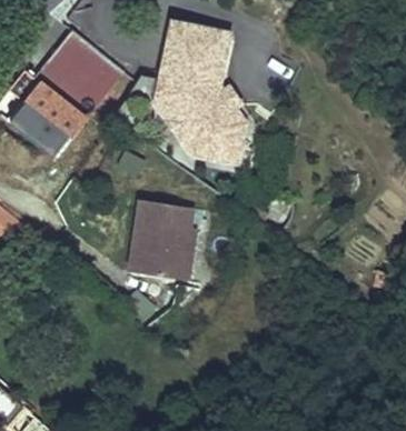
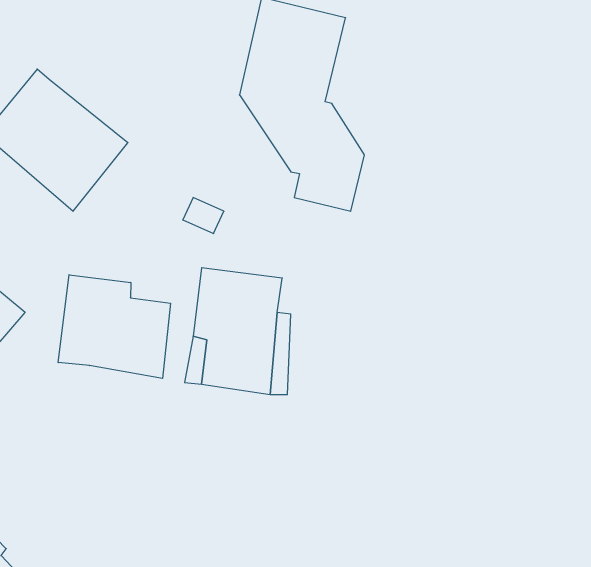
building: [37,31,126,118] -> none
building: none -> [58,275,170,378]

